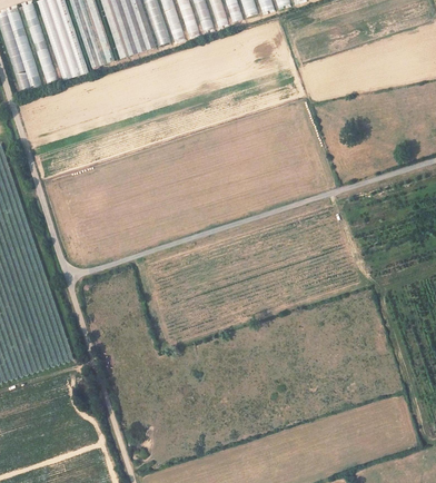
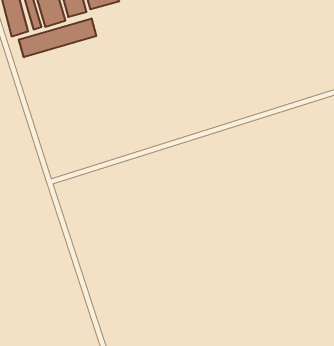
building: none -> [19,18,96,57]

